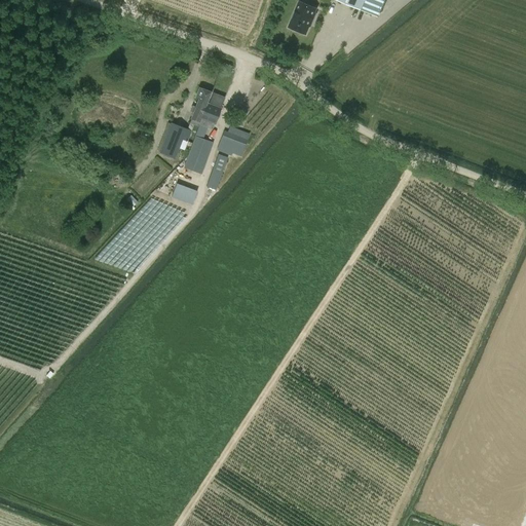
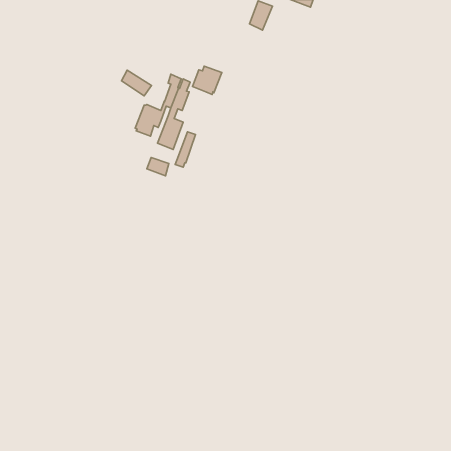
building: none -> [121,70,151,96]
building: [217,125,251,158] -> [193,66,222,95]

